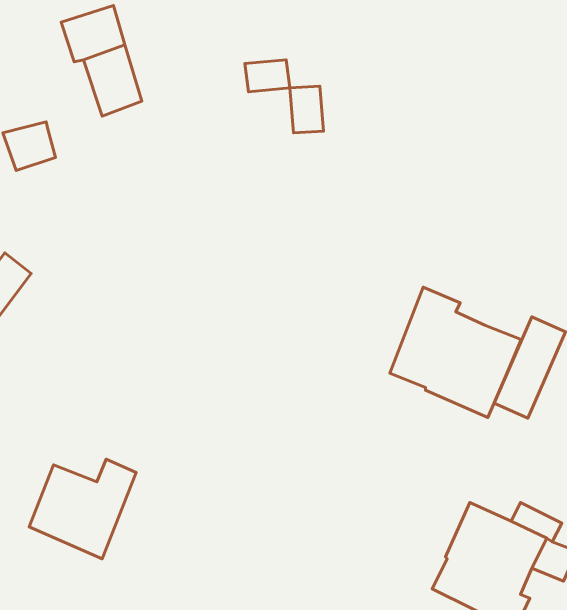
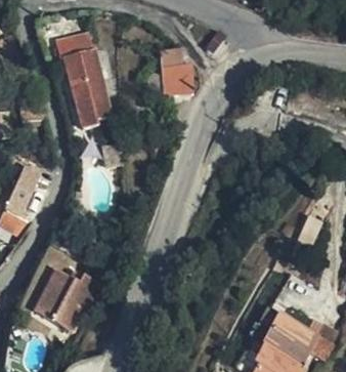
building: none -> [78,91,109,134]
building: [390,287,521,418] -> none

